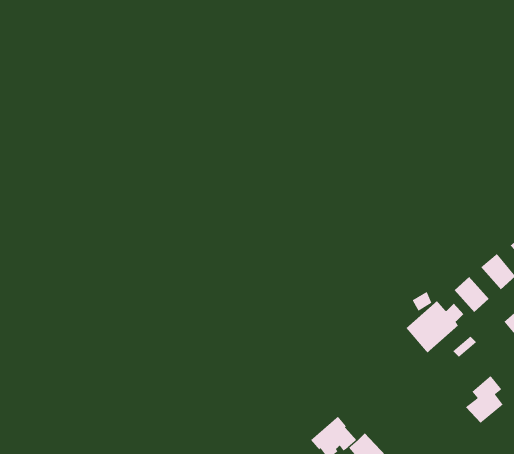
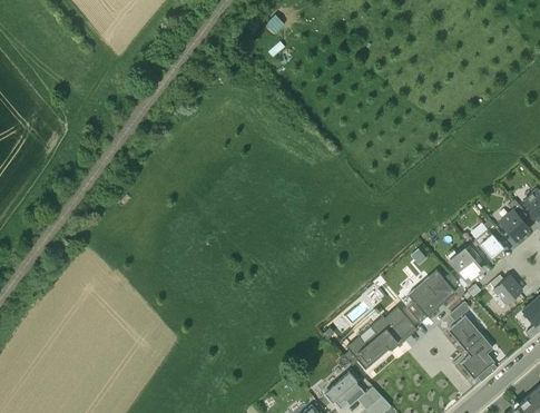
building: none -> [343,307,414,368]
building: none -> [448,316,482,351]

